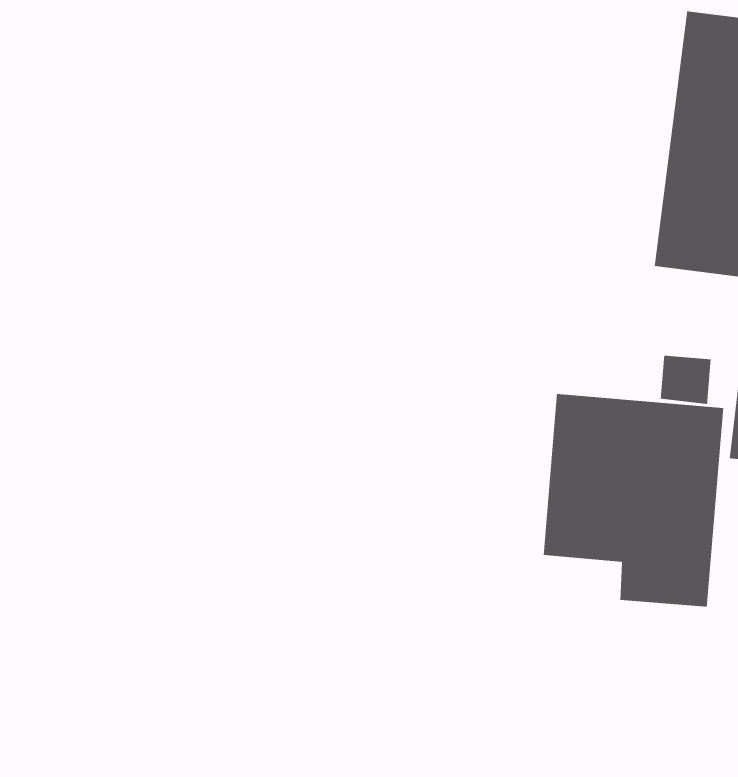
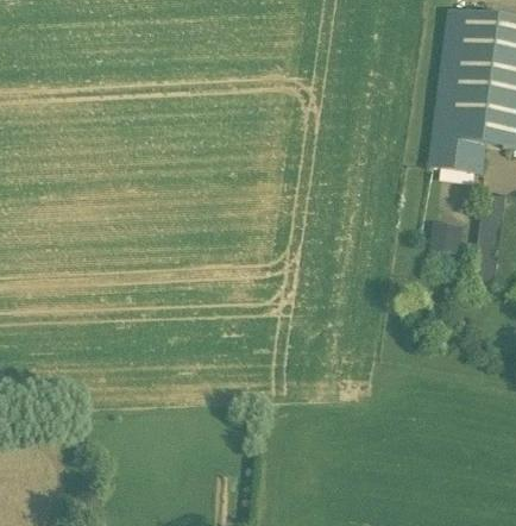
building: [543,393,724,608] -> none

